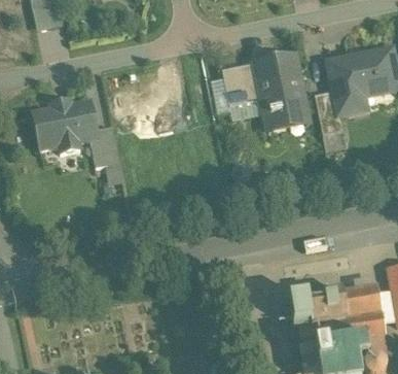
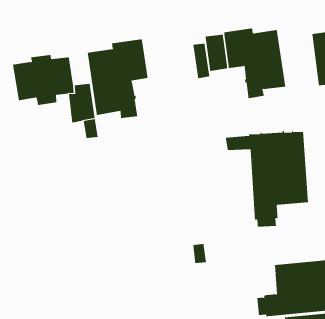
building: none -> [87,38,148,119]
building: none -> [225,130,308,227]
building: [288,293,311,325] -> none

